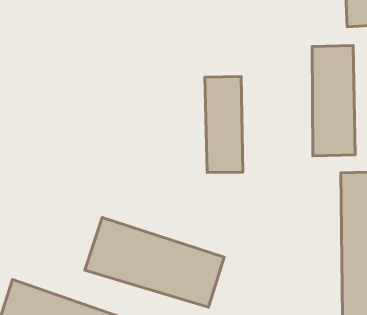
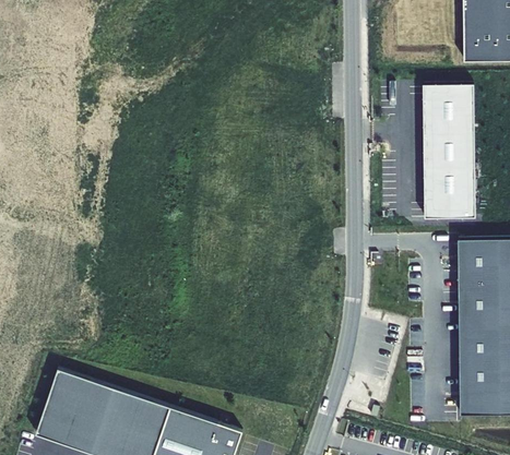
building: [205,77,243,172] -> none
building: [85,217,224,307] -> none

